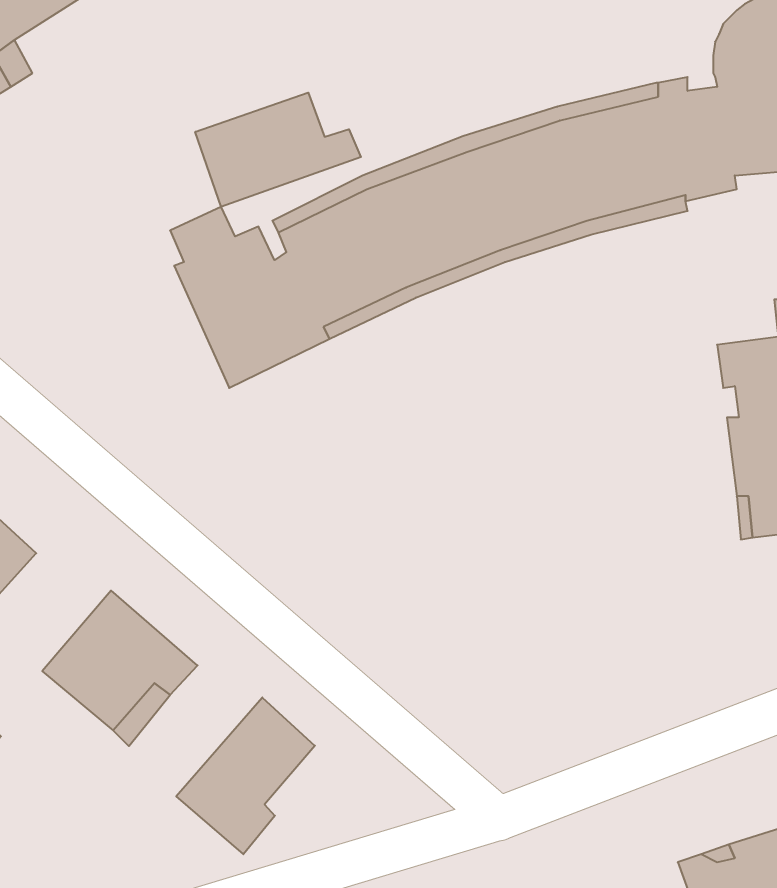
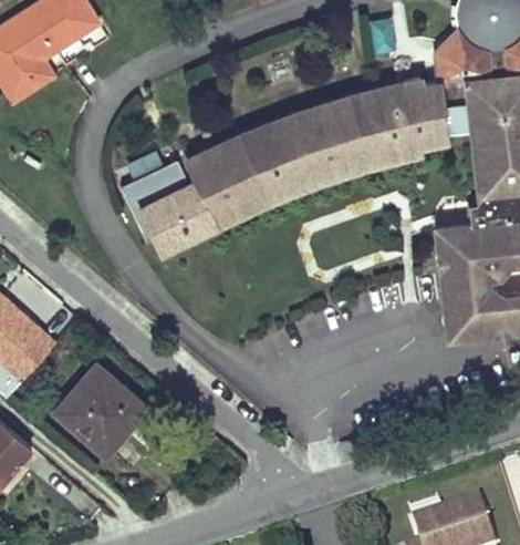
building: [195,93,361,207] -> none
building: [176,697,315,854] -> none

